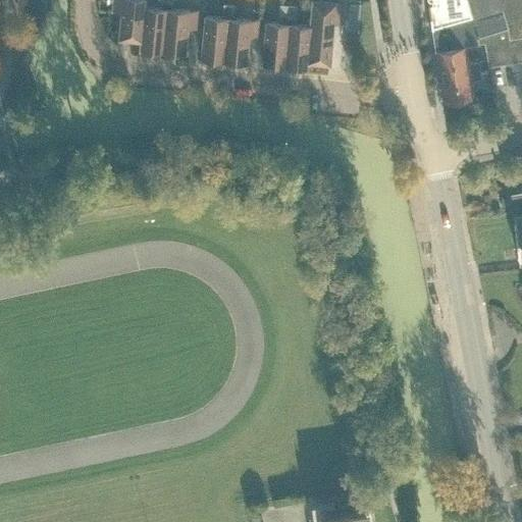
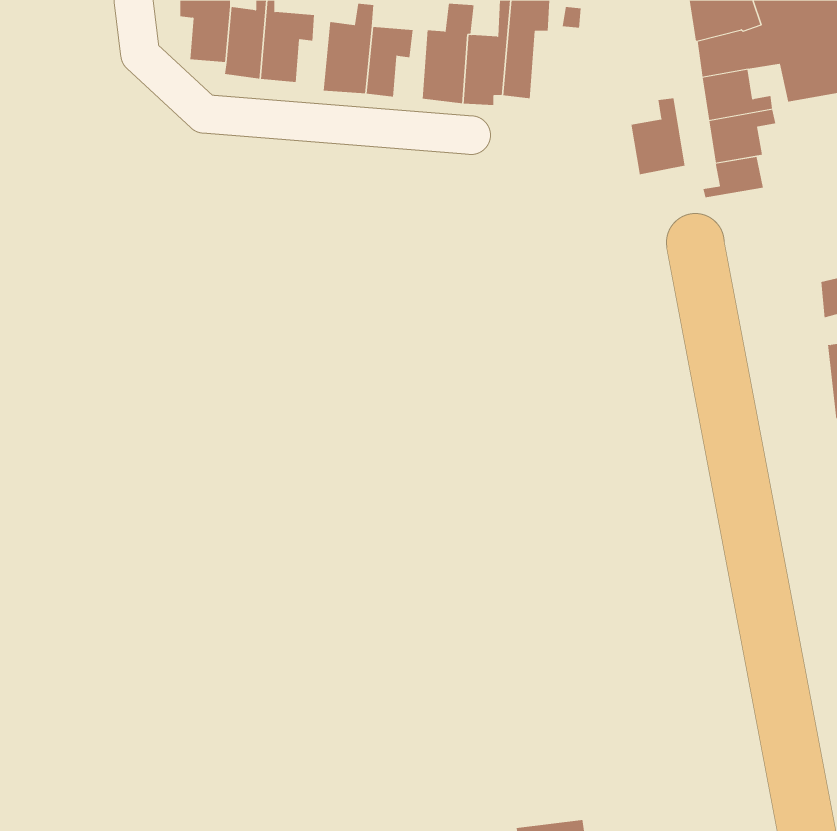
building: none -> [631,98,685,175]
building: none -> [703,156,764,198]

